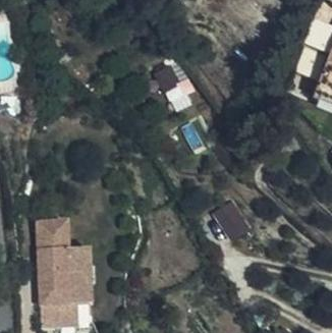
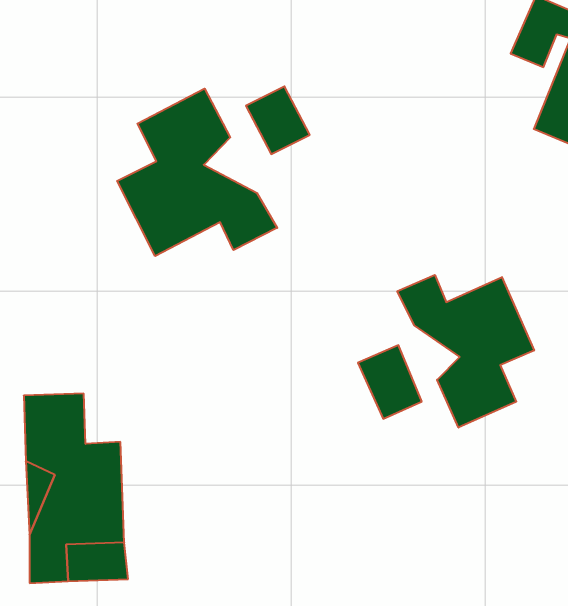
building: none -> [117,89,277,256]
building: none -> [397,275,534,428]

